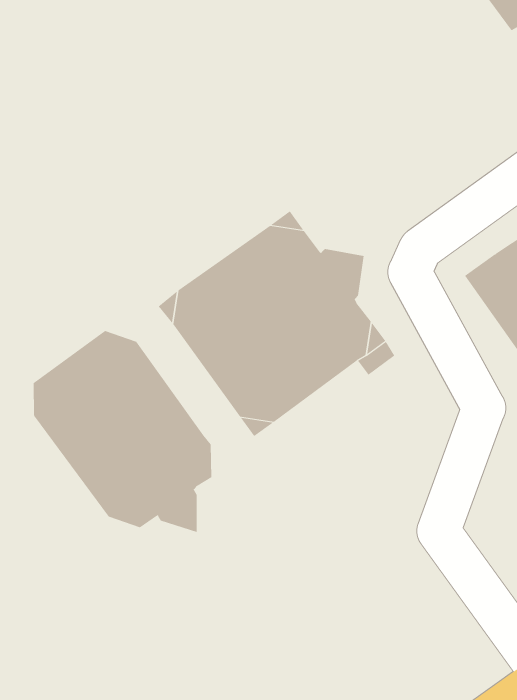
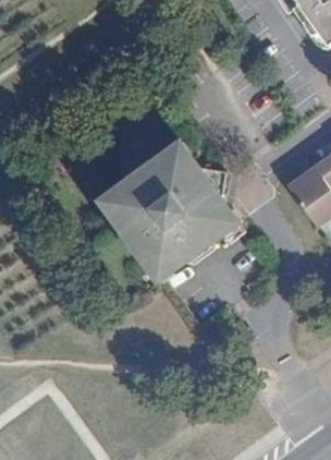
building: [33,330,212,533] -> none

